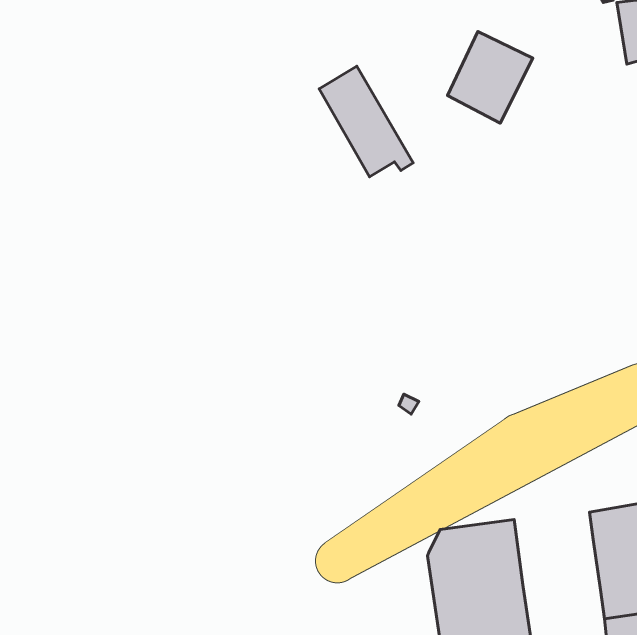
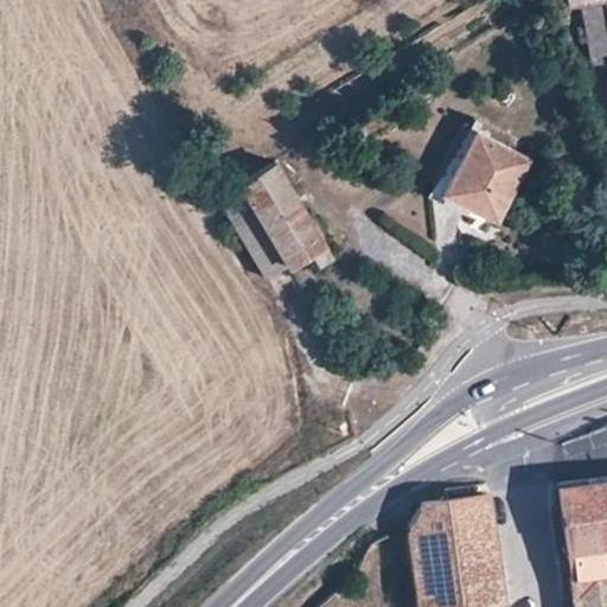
building: [448,32,533,123] -> [447,135,528,222]
building: [319,66,413,177] -> [243,165,332,269]

